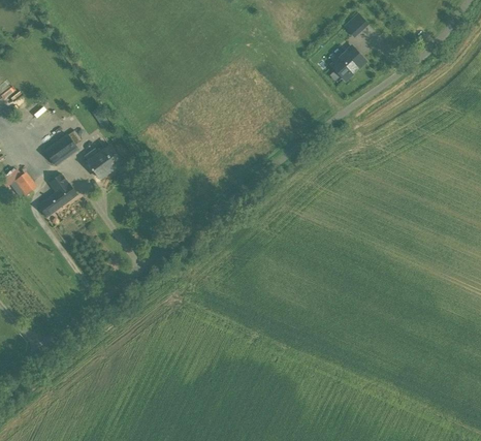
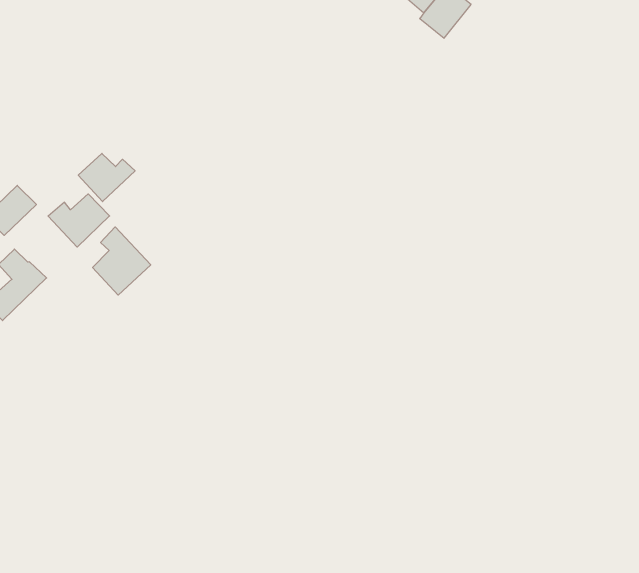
building: none -> [78,153,135,202]
building: none -> [93,227,151,295]

